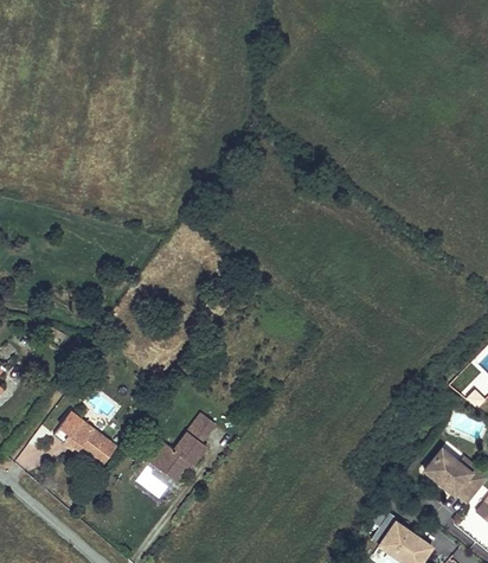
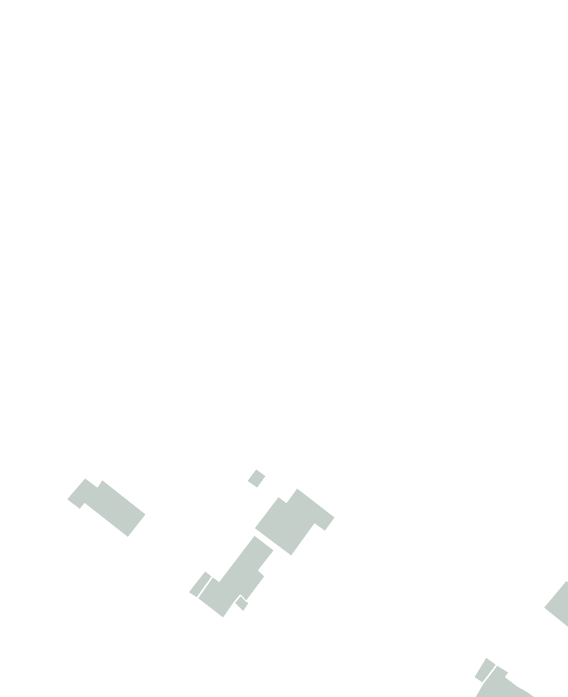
building: none -> [254,488,335,557]
building: [54,421,116,467] -> [66,477,147,538]

